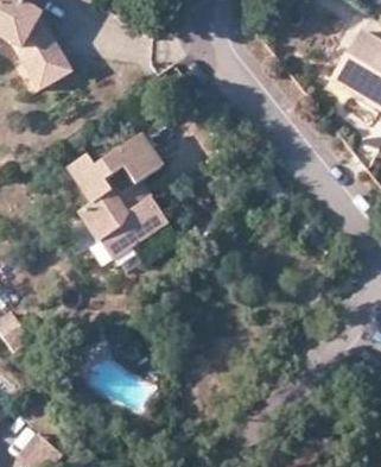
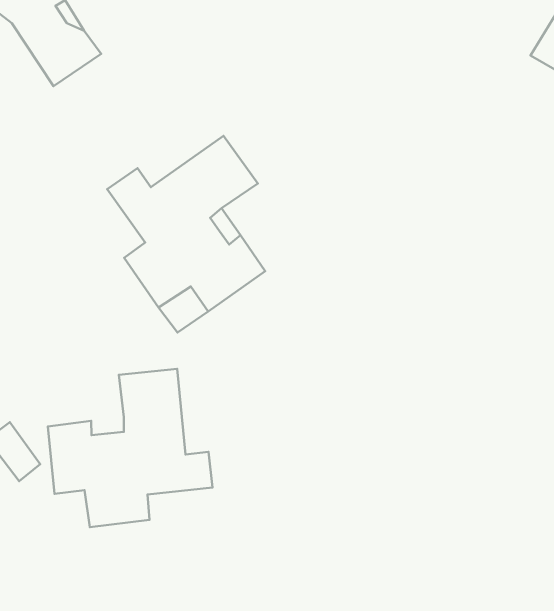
building: none -> [48,369,212,527]

